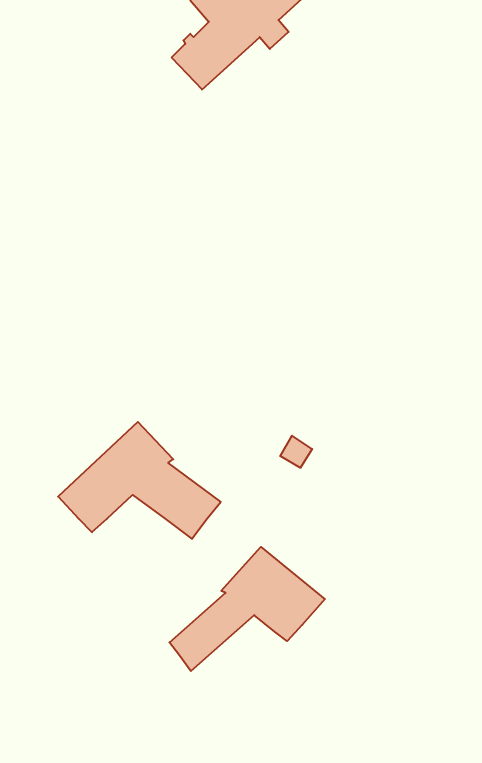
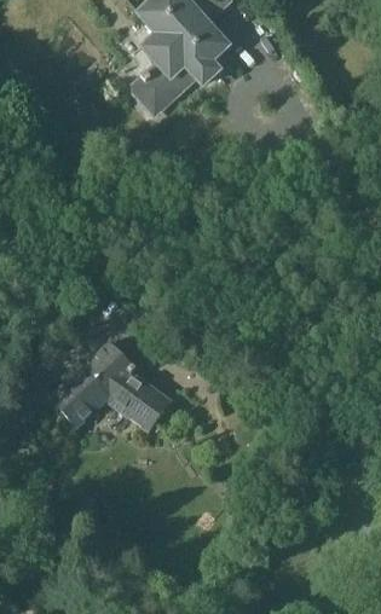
building: [169,547,325,671] -> none

